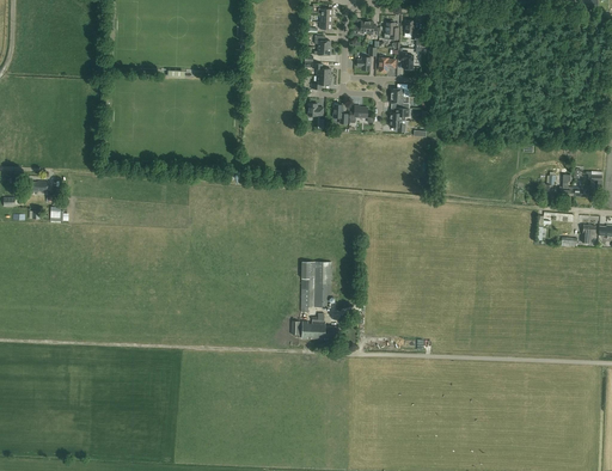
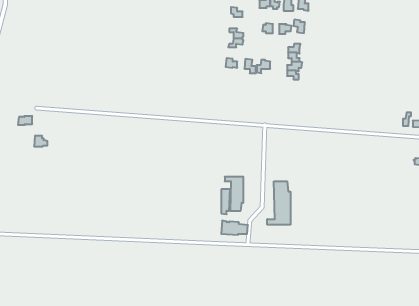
building: none -> [267,181,290,225]

